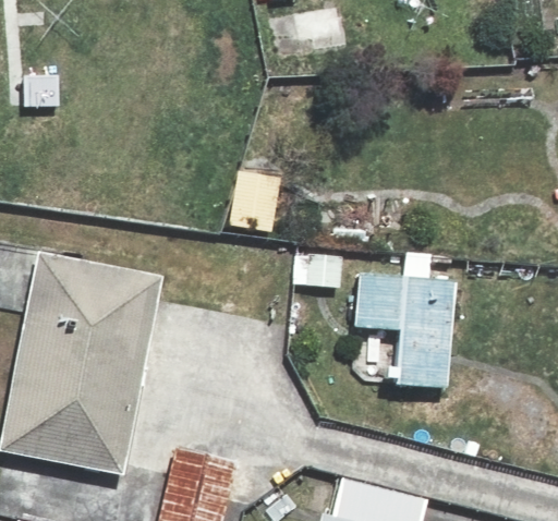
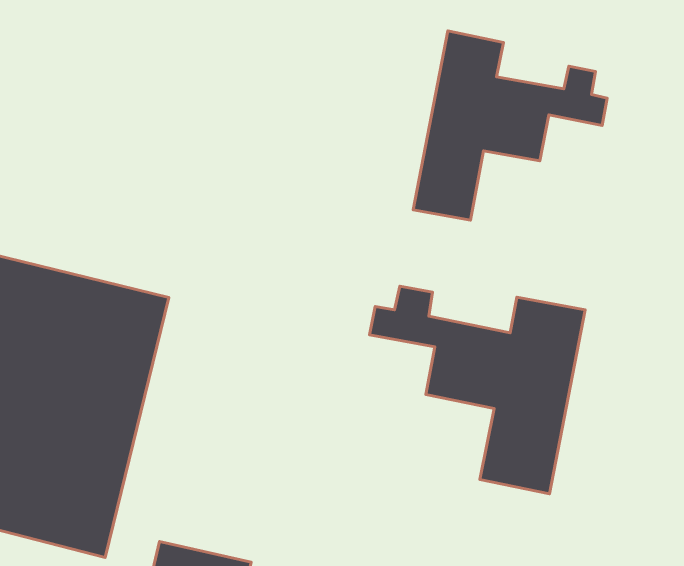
building: none -> [413,31,607,220]

